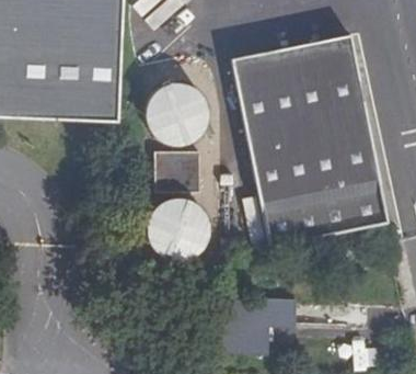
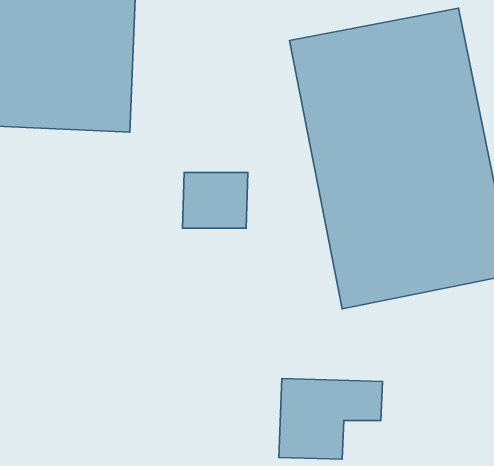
building: [148,82,209,145] -> none
building: [148,199,210,260] -> none

